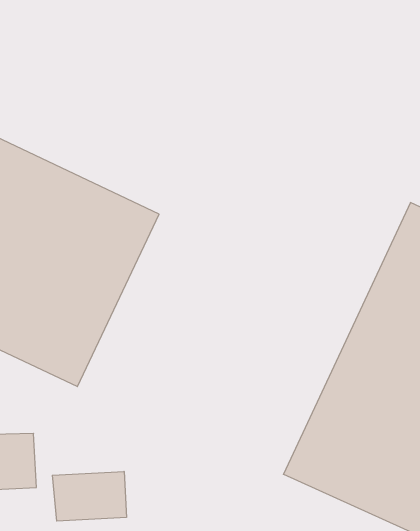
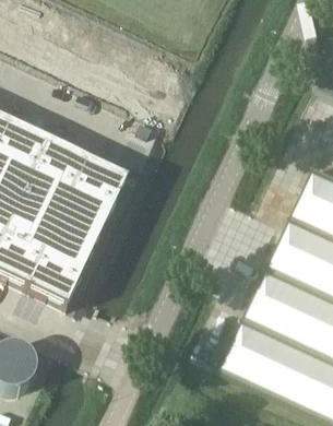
building: [52,471,126,521] -> none

